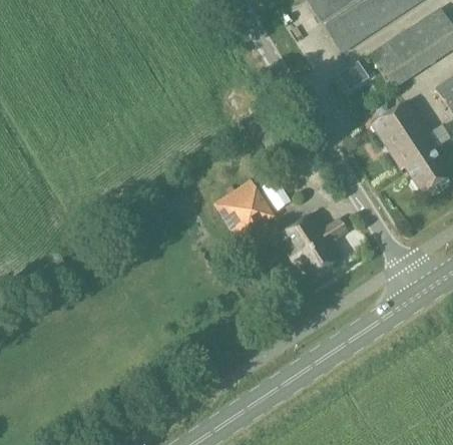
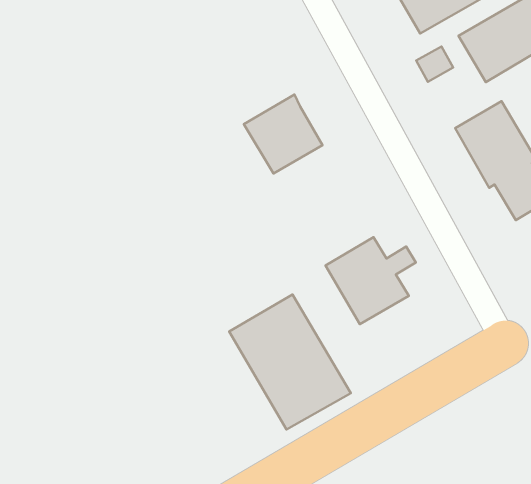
building: [214,177,277,240] -> [244,95,323,173]
building: none -> [229,295,351,430]

